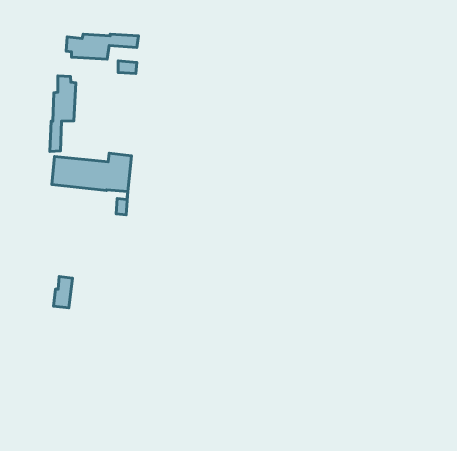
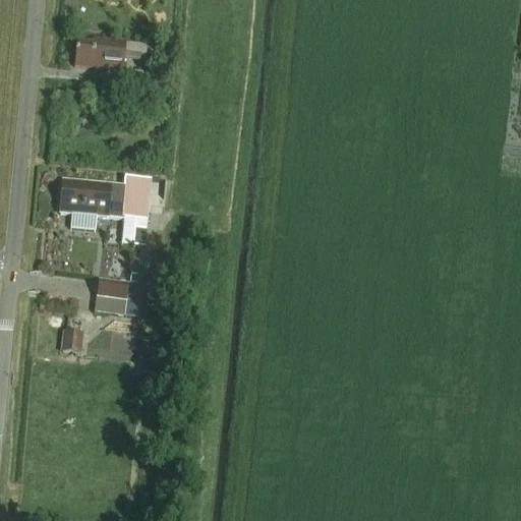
building: [50,76,76,151] -> none
building: none -> [95,267,131,313]

